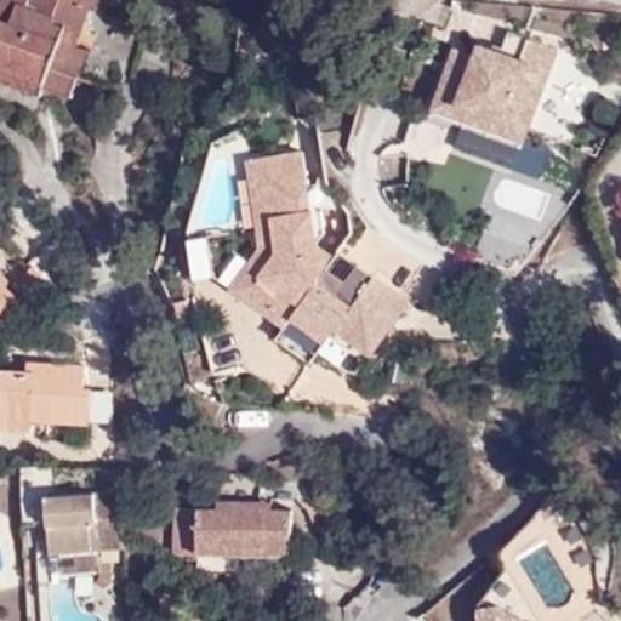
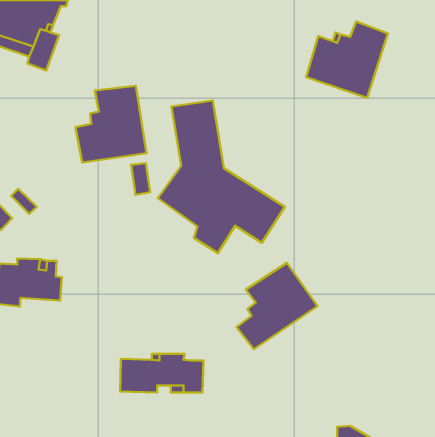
building: none -> [76,86,147,162]
building: none -> [237,263,318,349]
building: [44,495,121,575] -> none

